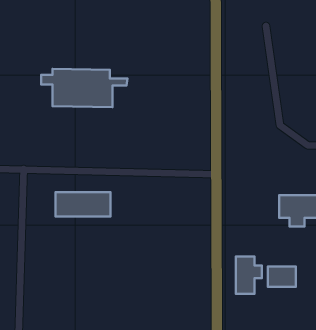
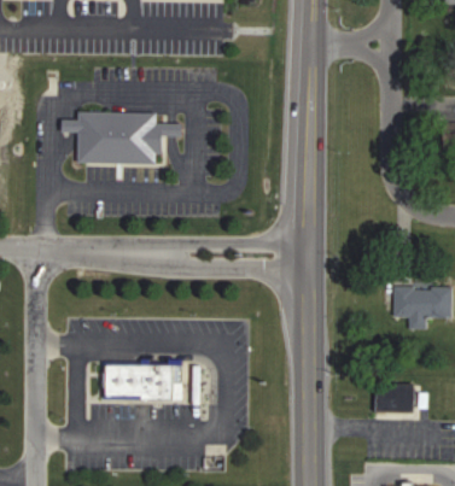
building: [55,192,110,217] -> [105,365,181,399]
building: [236,256,262,294] -> none

